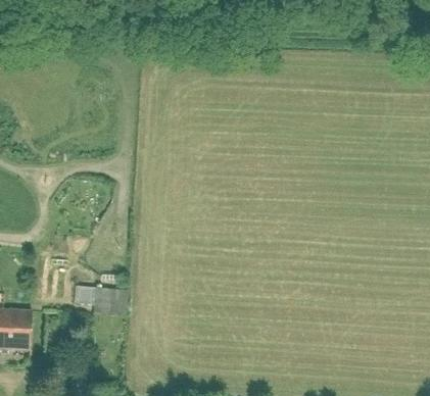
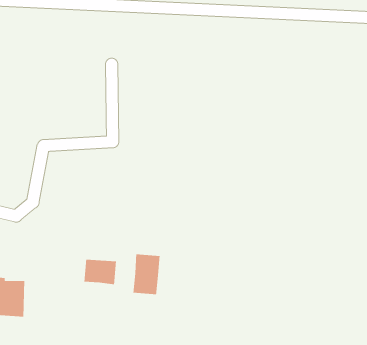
building: none -> [133,253,161,295]

